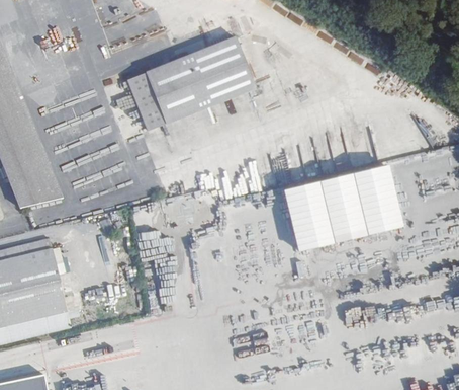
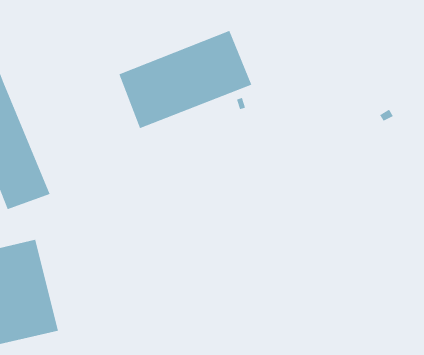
building: [283,163,402,247] -> none

